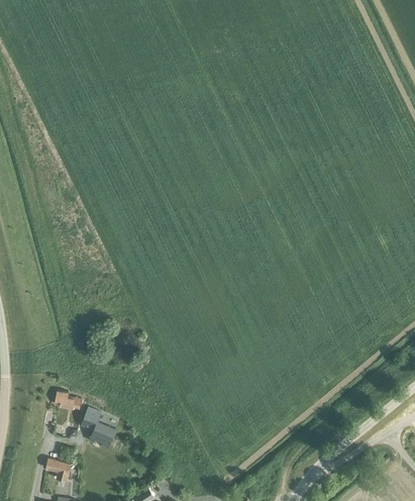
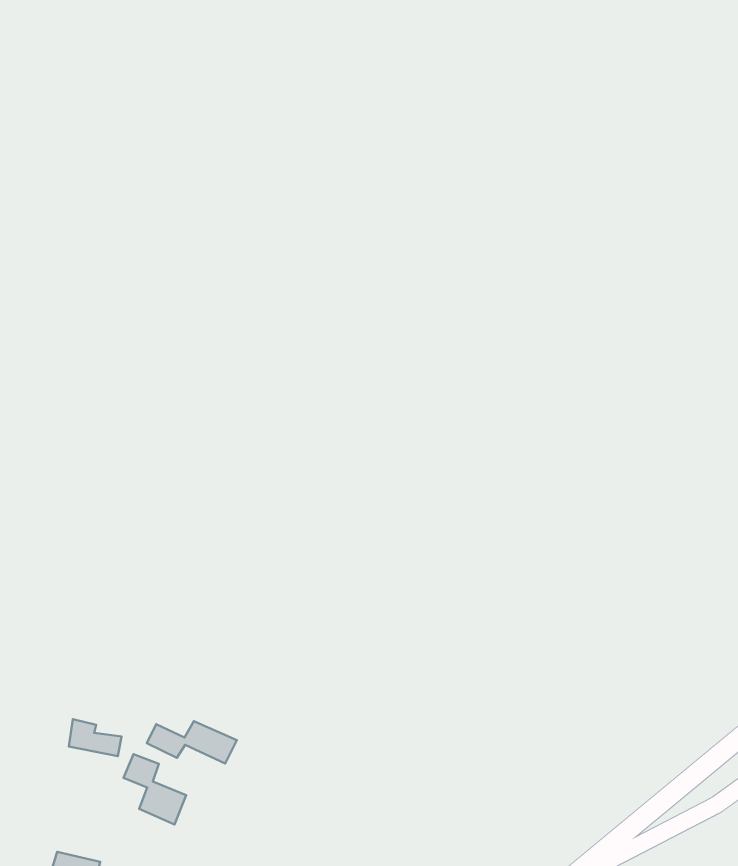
building: none -> [147,721,237,763]

